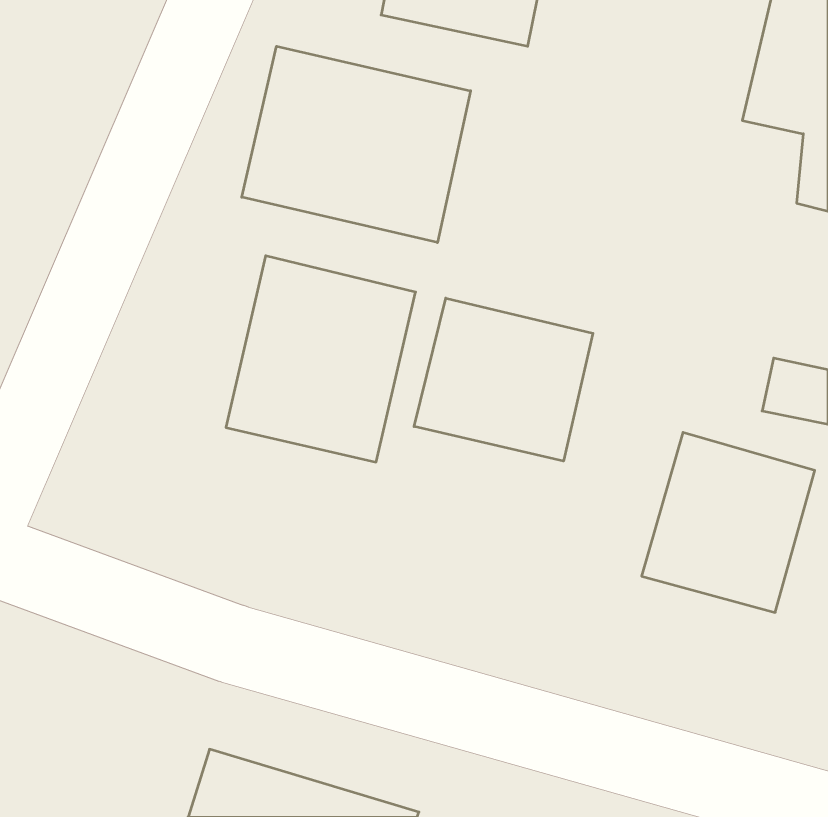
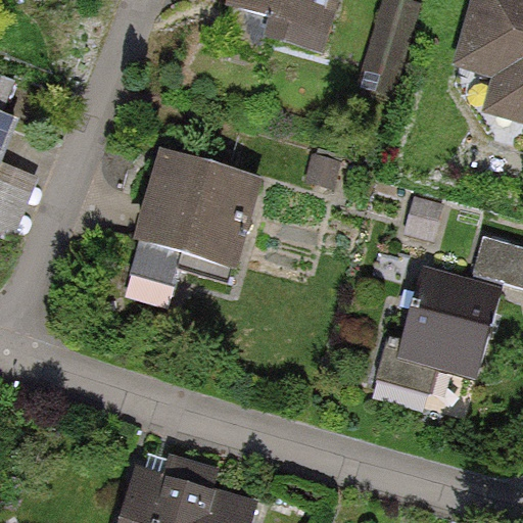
building: [242,46,471,243] -> none
building: [414,298,593,461] -> none

